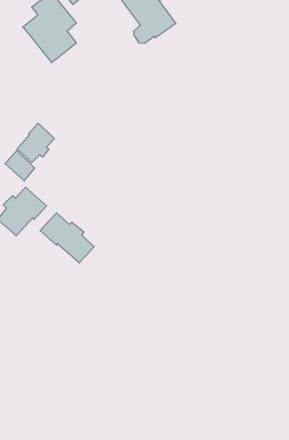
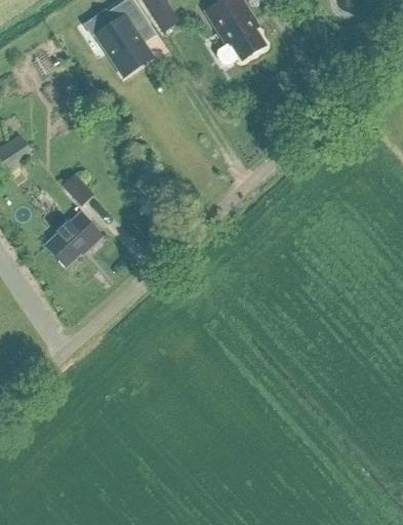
building: [17,123,54,163] -> none
building: [40,213,94,263] -> none

